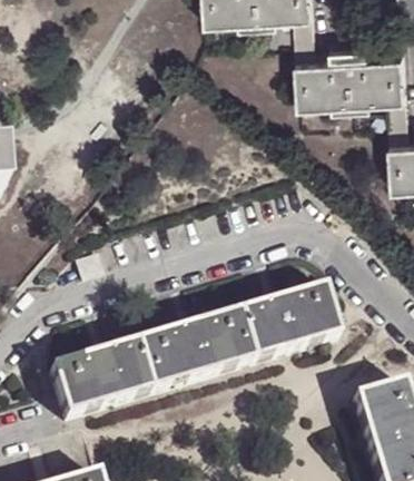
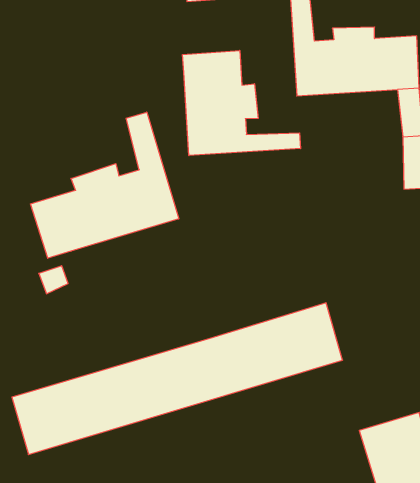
building: none -> [183,50,301,156]
building: none -> [30,112,179,258]

